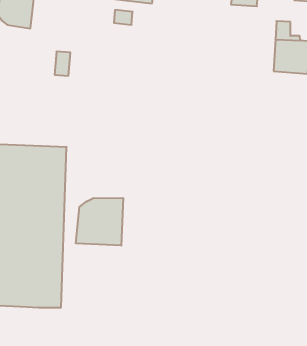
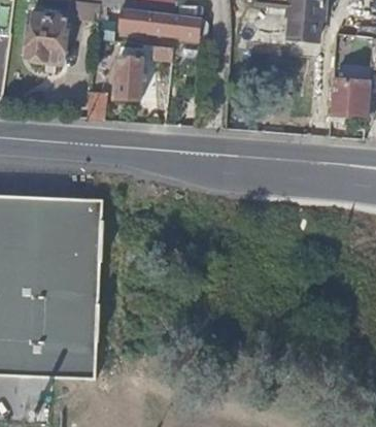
building: none -> [117,59,146,102]
building: [76,198,123,246] -> none

